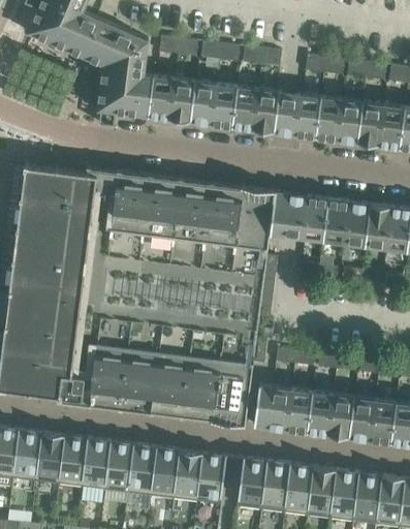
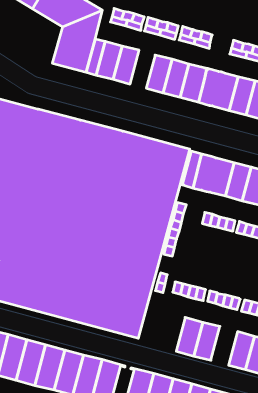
building: [192,82,217,125] -> none
building: [254,385,294,431] -> none
building: [332,395,358,439] -> none

